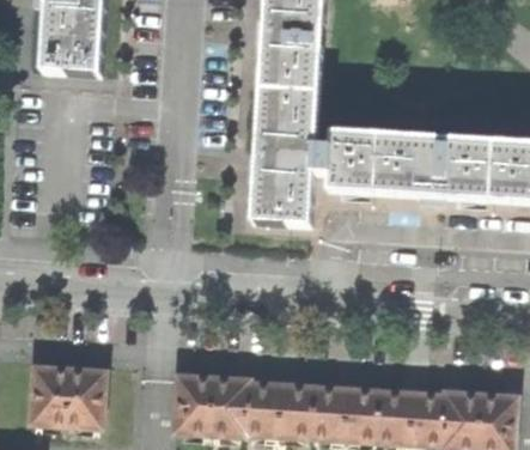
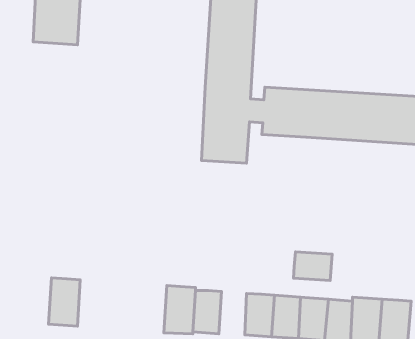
building: none -> [293,252,332,281]
building: [29,364,68,424] -> none
building: [171,373,212,434] -> none
building: [276,383,311,437] -> none

